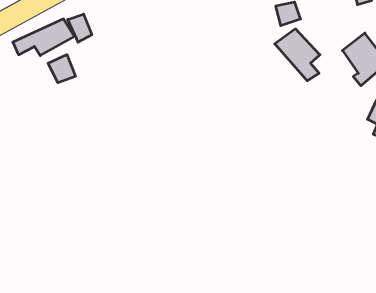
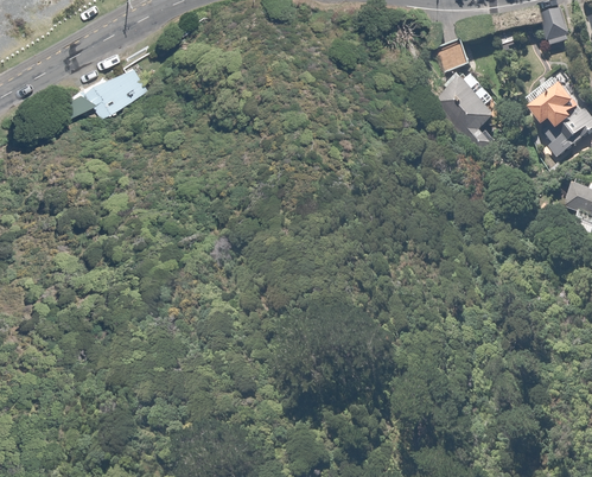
building: [68,14,92,42] -> none
building: [48,55,75,83] -> none

